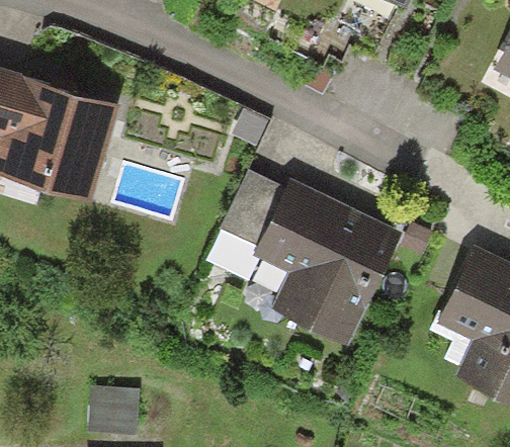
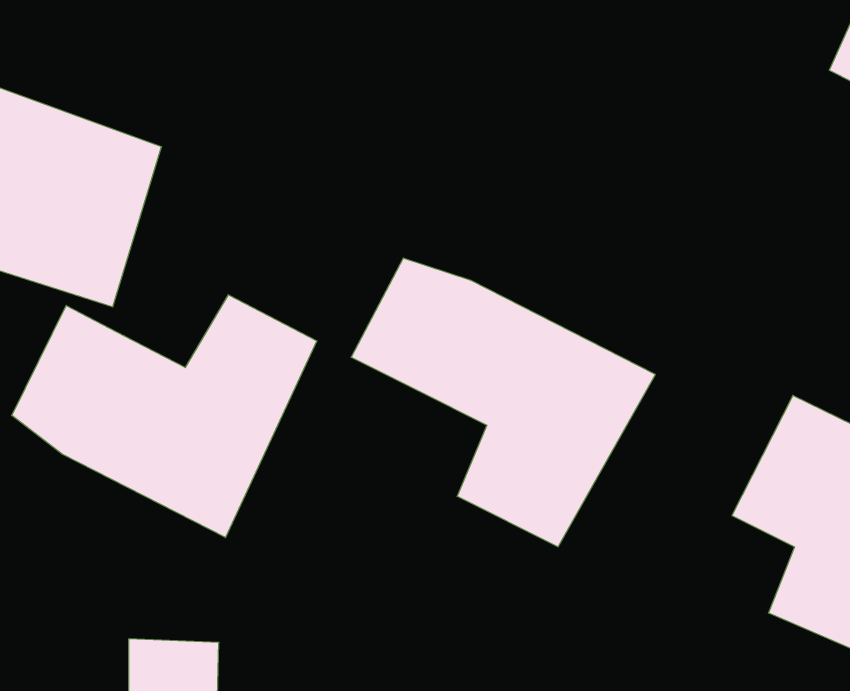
building: none -> [12,295,317,538]

